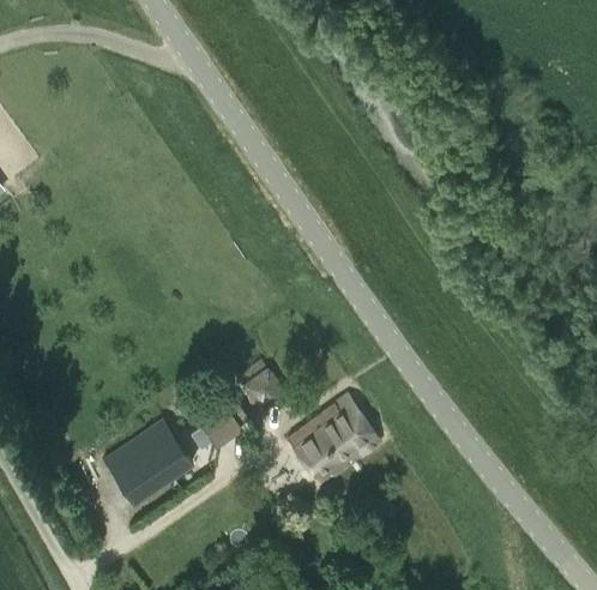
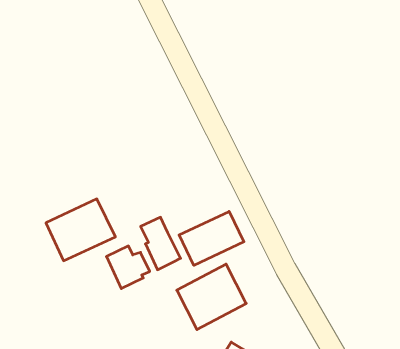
building: none -> [179,211,244,265]
building: [103,416,195,502] -> [46,199,115,261]

